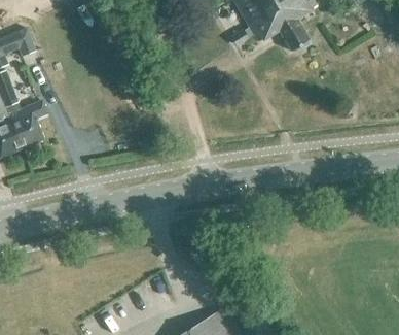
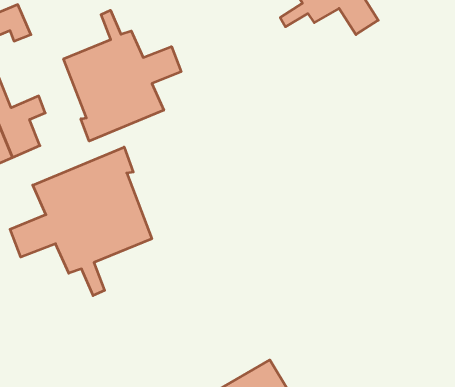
building: none -> [64,10,181,141]
building: none -> [10,147,152,296]

